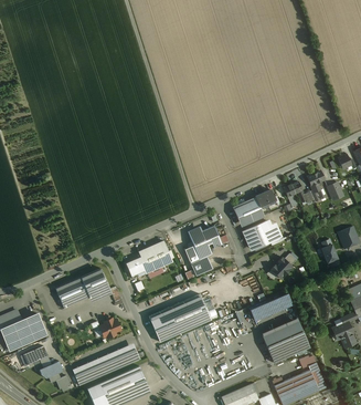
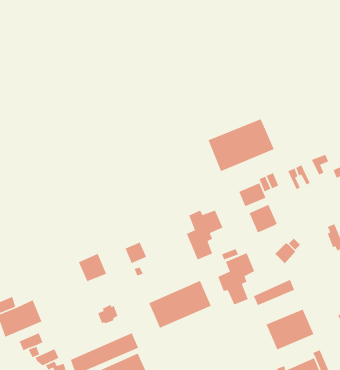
building: none -> [208,118,275,172]
building: [138,241,172,272] -> none
building: none -> [217,252,255,305]
building: [55,277,89,308] -> none

